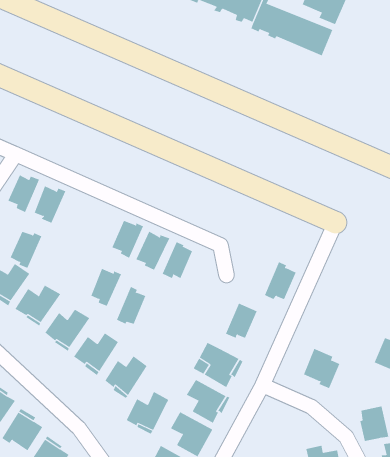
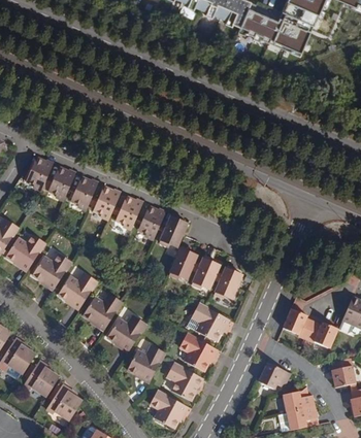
building: [10,231,42,268] -> [71,177,99,209]
building: [264,262,297,300] -> [192,256,220,289]
building: [91,268,122,307] -> [95,187,122,220]
building: [116,286,146,325] -> [170,245,196,278]
building: none -> [304,321,338,350]
building: none -> [258,361,290,389]

